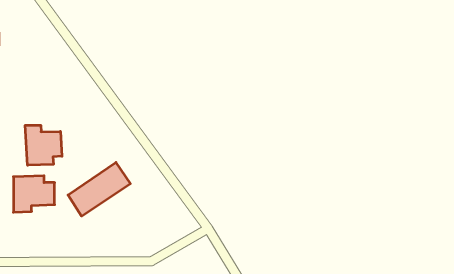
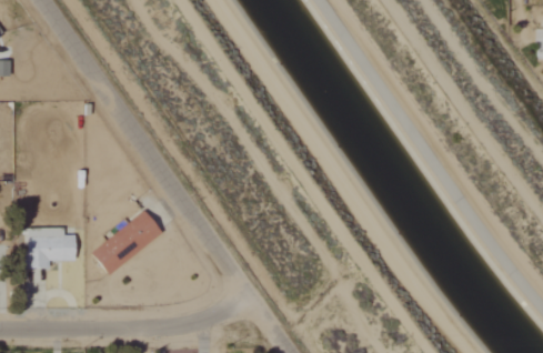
building: [25,125,62,165] -> none

